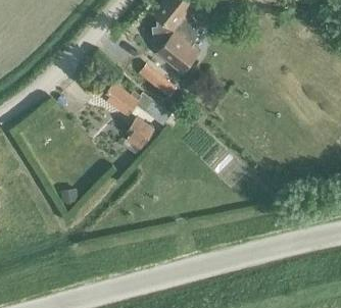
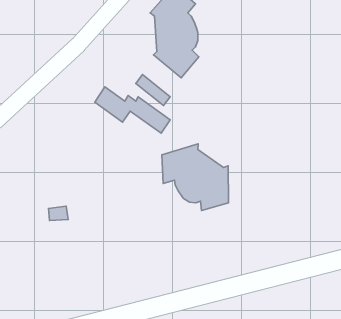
building: [126,115,155,151] -> none
building: none -> [162,144,228,211]

